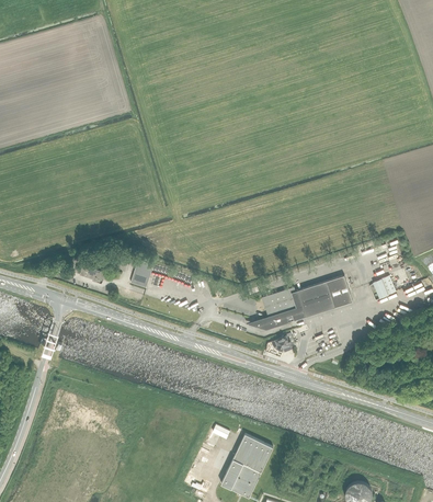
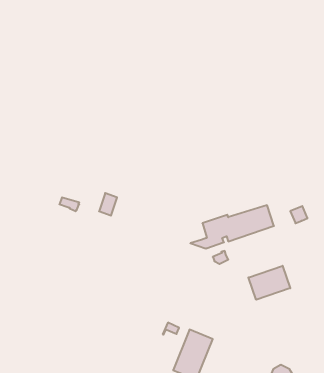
building: none -> [248,266,290,300]

